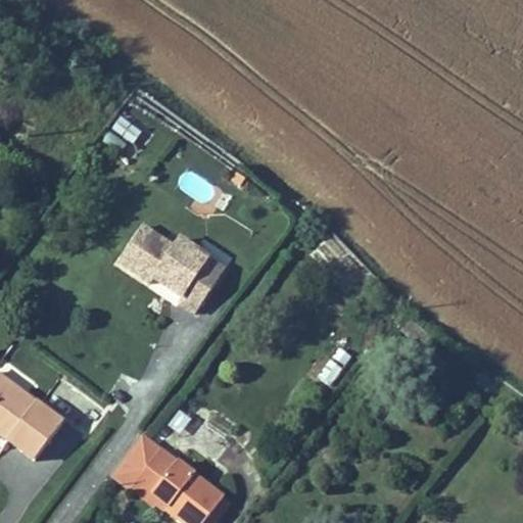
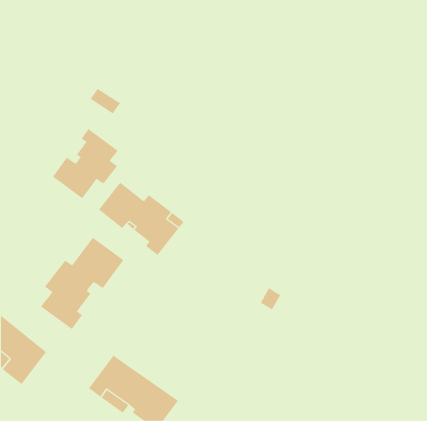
building: none -> [52,128,118,199]
building: none -> [40,237,124,330]

